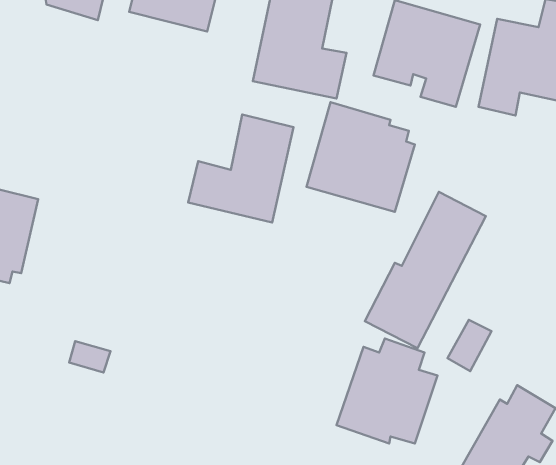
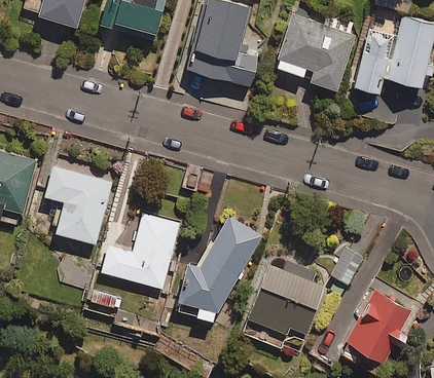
building: [307,102,415,212] -> none
building: [188,114,293,222] -> [101,210,177,288]
building: [365,192,486,348] -> [173,215,260,328]
building: none -> [45,166,111,244]

